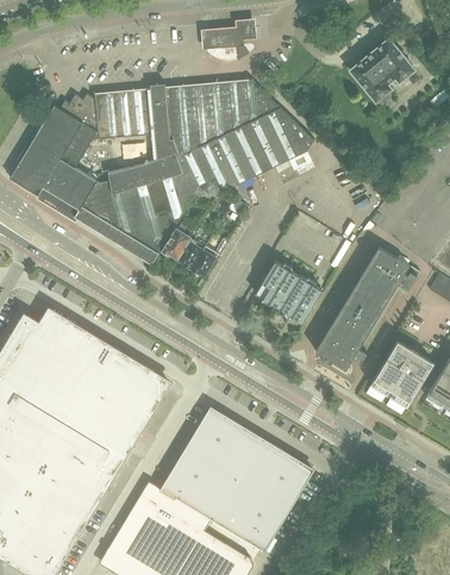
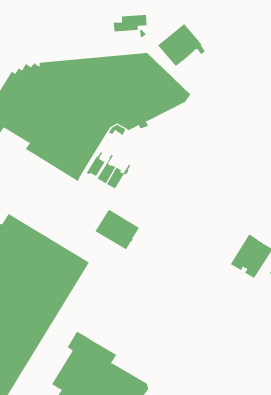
building: [349,38,419,101] -> [157,23,206,67]
building: [314,246,419,370] -> none
building: [255,262,320,321] -> [94,209,140,250]
building: [162,408,311,550] -> none

